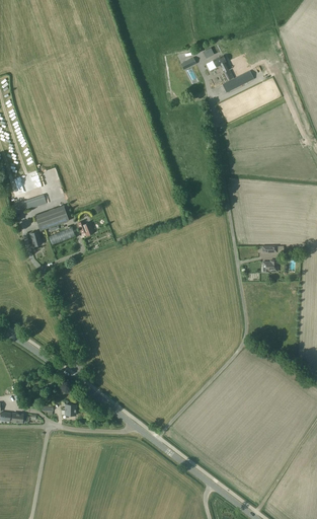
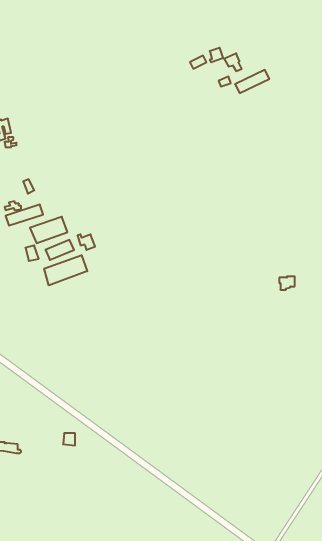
building: none -> [44,255,87,285]

